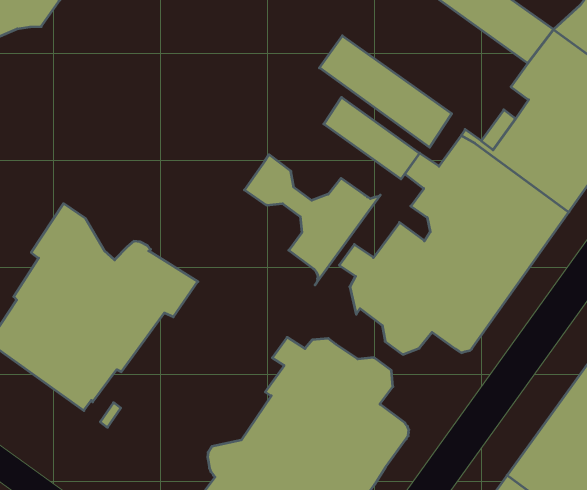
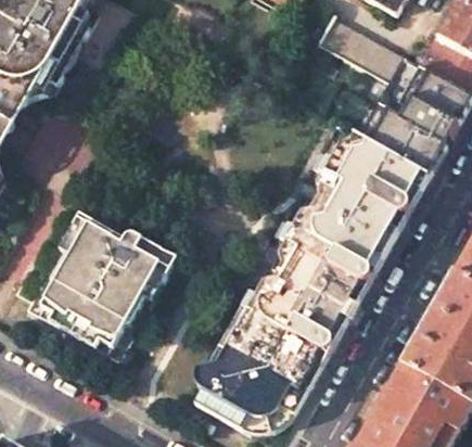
building: [319,36,452,147] -> none
building: [324,97,419,179] -> none
building: [244,155,380,285] -> [276,261,369,347]

